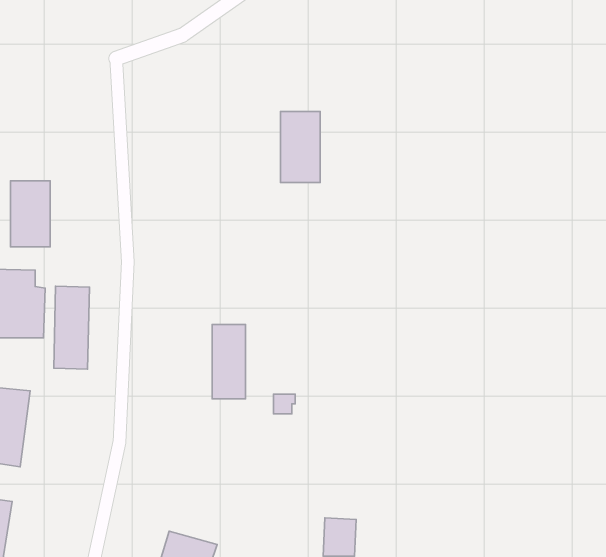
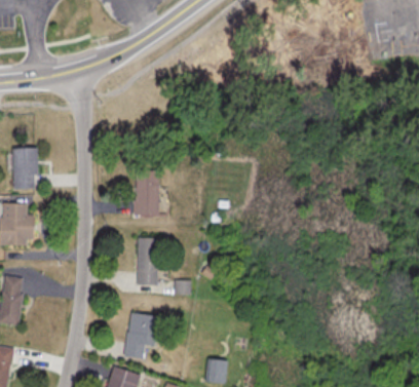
building: [280,111,320,182] -> [132,170,157,215]
building: [54,286,89,369] -> none
building: none -> [123,312,157,357]

